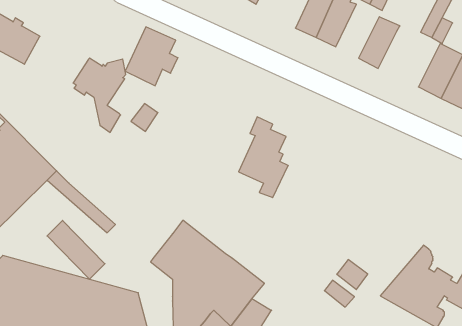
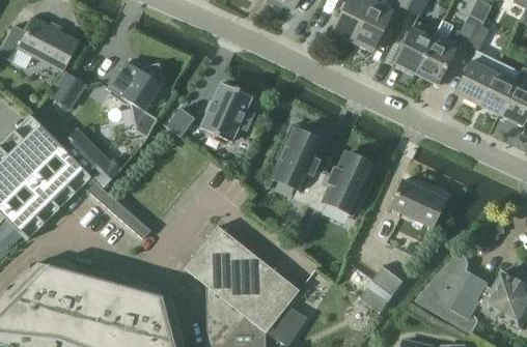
building: none -> [414,19,457,84]
building: [125,27,178,86] -> [200,83,253,142]
building: none -> [50,73,84,109]
building: none -> [308,152,380,212]
building: none -> [390,179,444,226]
building: [47,220,105,279] -> [62,127,120,186]

